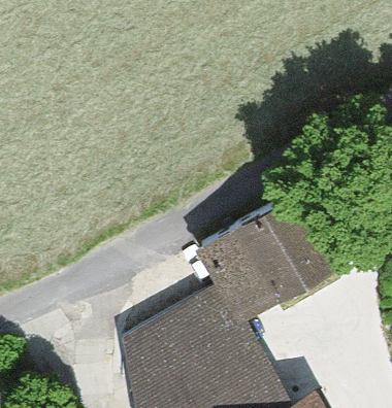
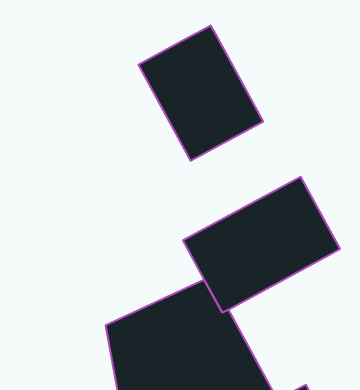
building: none -> [138,25,263,161]

